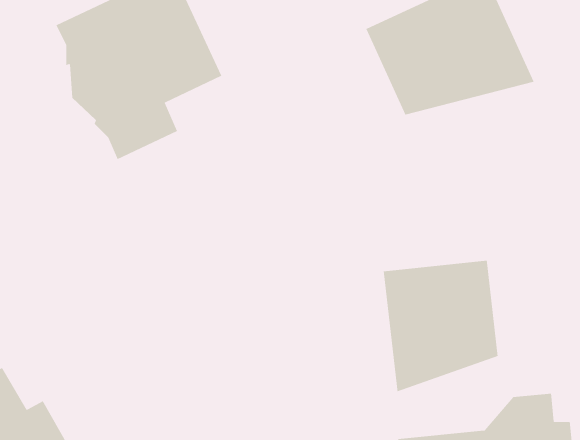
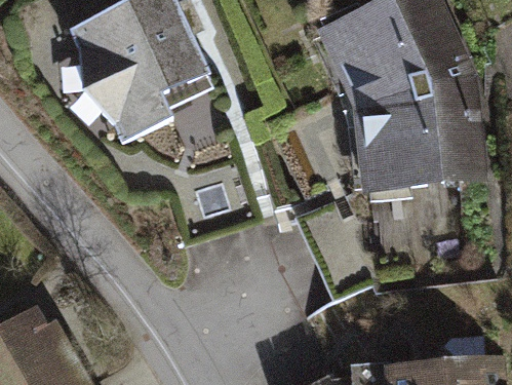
building: none -> [360,77,479,187]
building: [383,260,498,392] -> none

